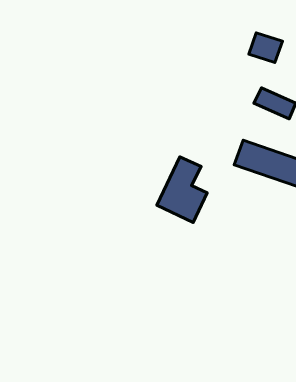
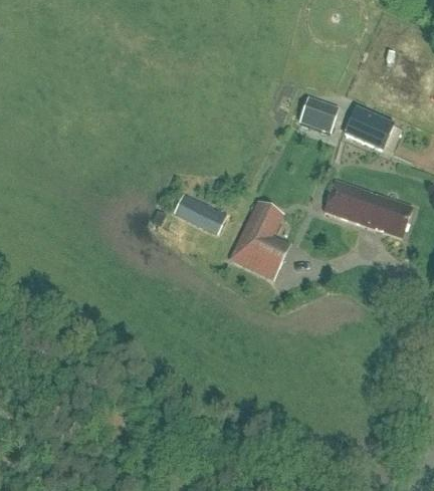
building: [249,33,282,62] -> [297,96,339,133]
building: none -> [173,193,226,234]

